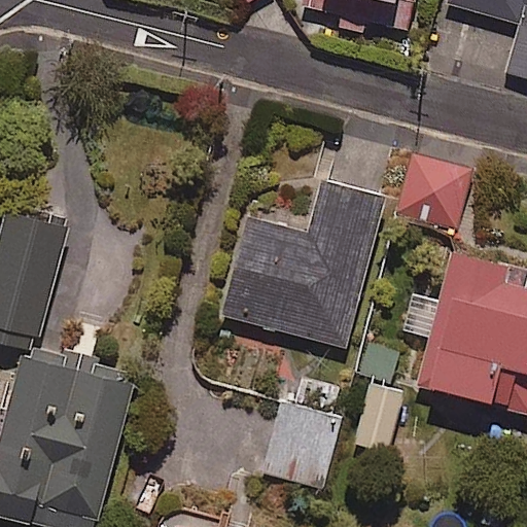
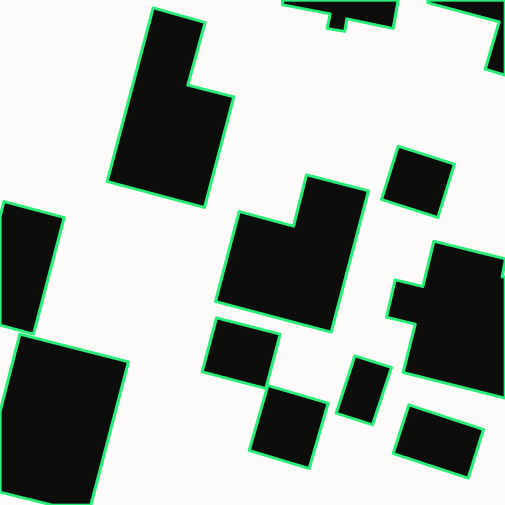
building: none -> [107,8,234,207]
building: none -> [202,318,280,388]
building: none -> [393,405,484,478]

